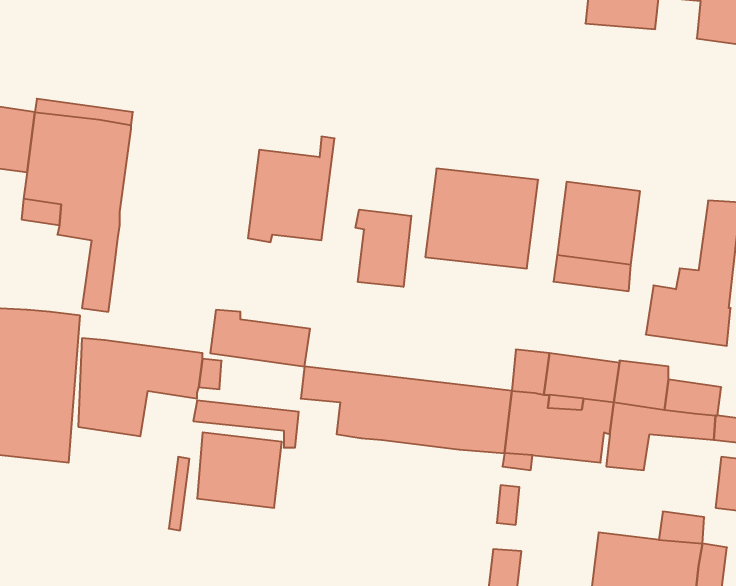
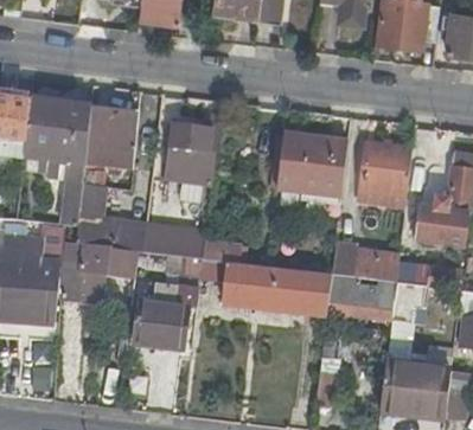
building: none -> [84,110,140,171]
building: [355,210,411,287] -> none
building: none -> [75,179,145,251]

